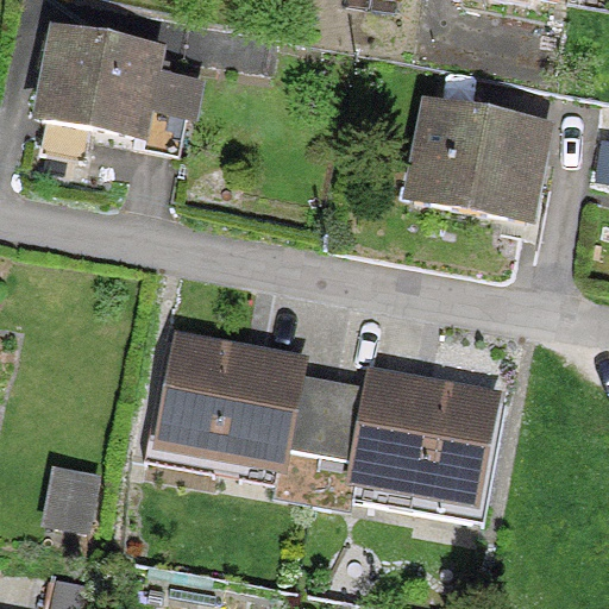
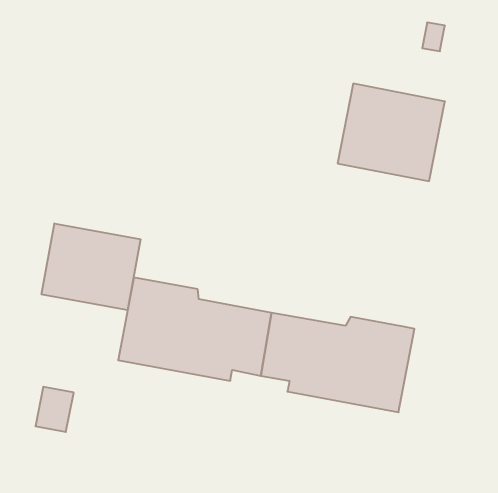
building: [43,29,194,137] -> none
building: none -> [42,223,140,310]

